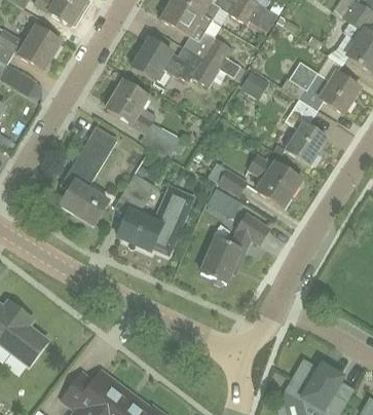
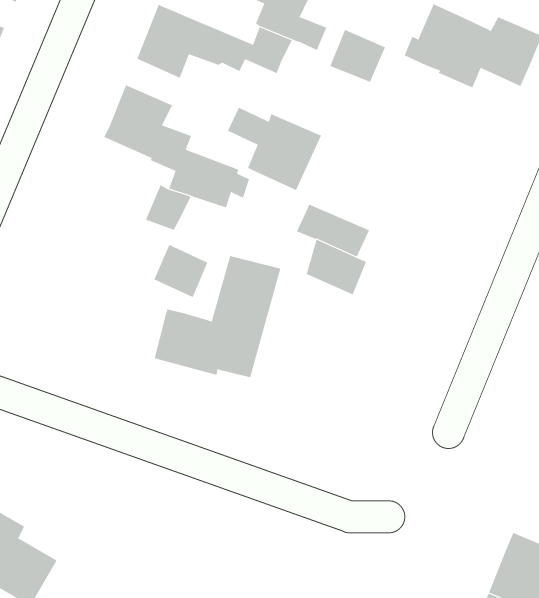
building: [285,99,327,165] -> none
building: [60,125,117,225] -> none
building: [249,155,301,206] -> [227,107,322,191]
building: [199,213,269,285] -> none

